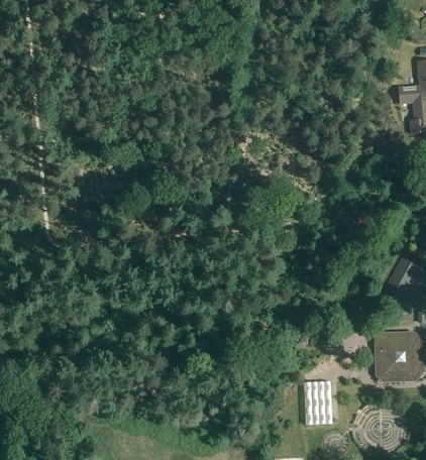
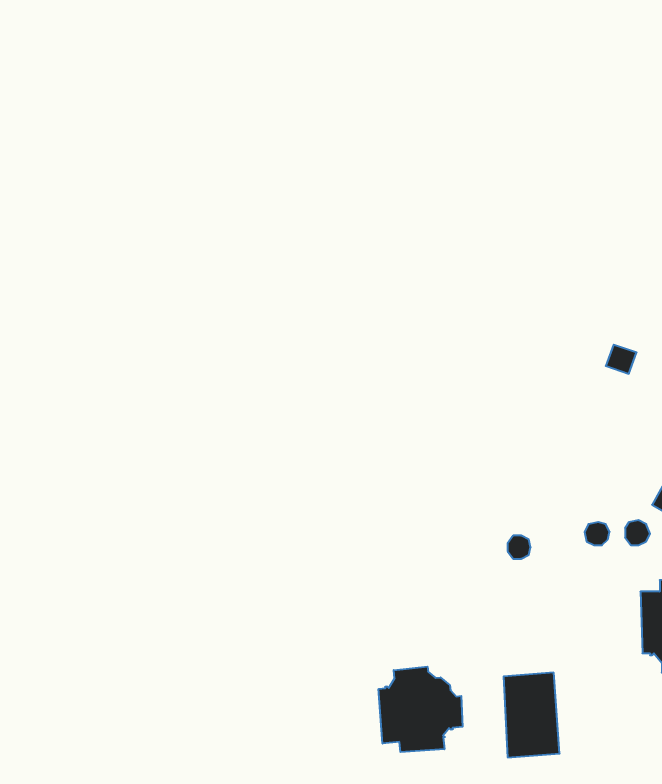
building: none -> [379,667,463,752]

